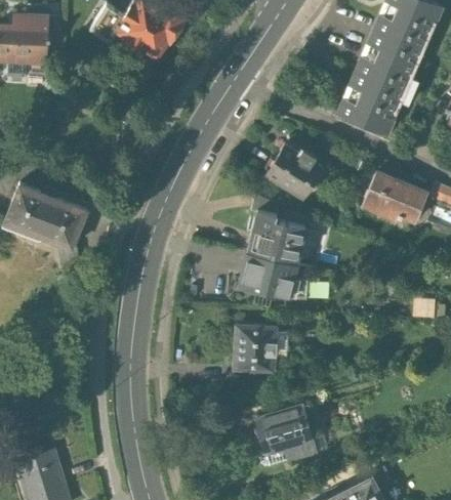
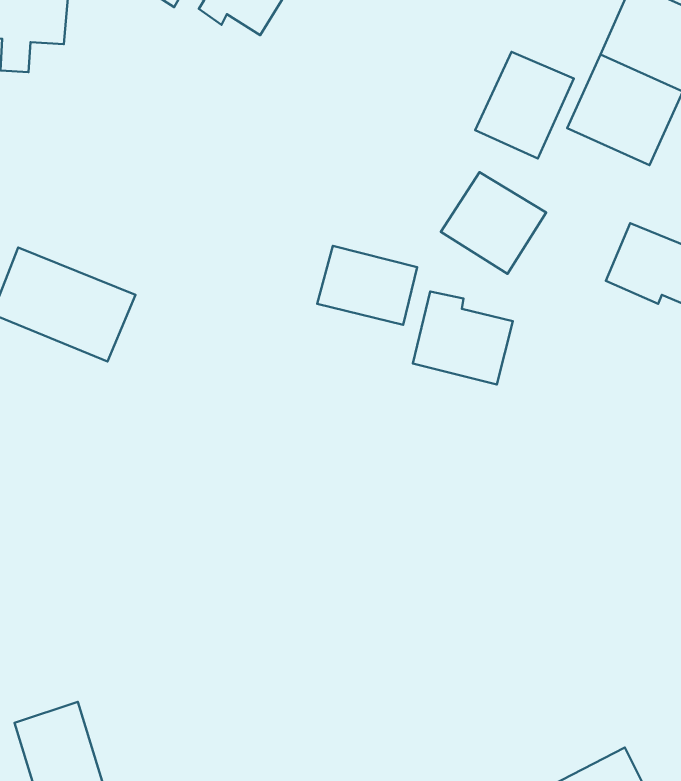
building: none -> [475,52,574,159]
building: [240,252,298,298] -> [317,246,417,325]
building: [233,325,278,373] -> none
building: [256,408,318,465] -> none

